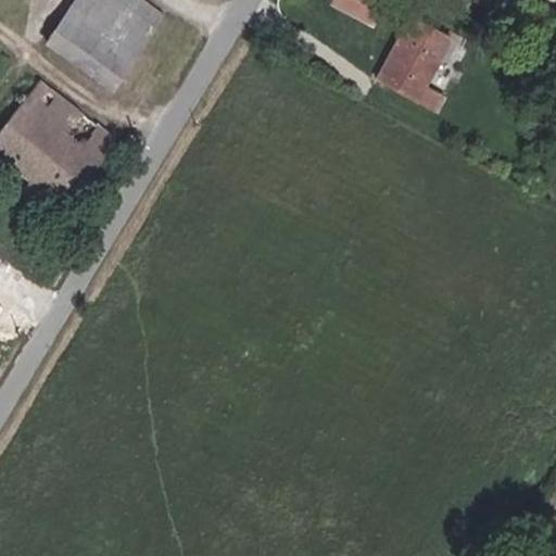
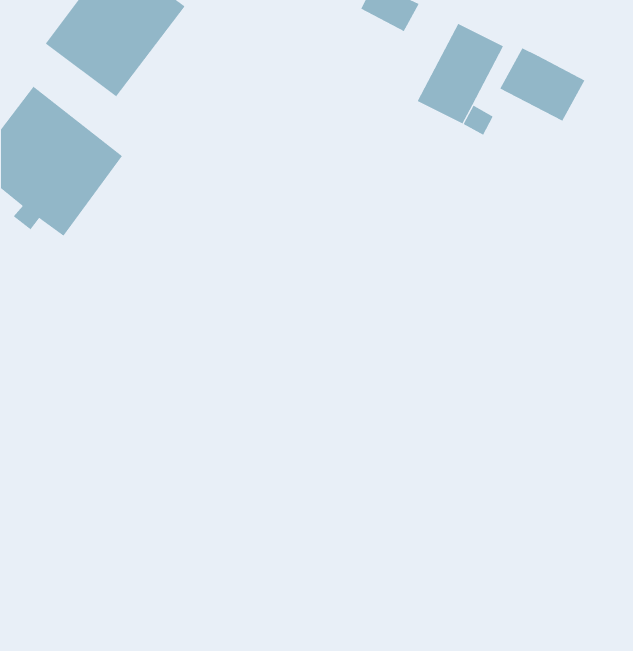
building: none -> [500,47,585,122]

